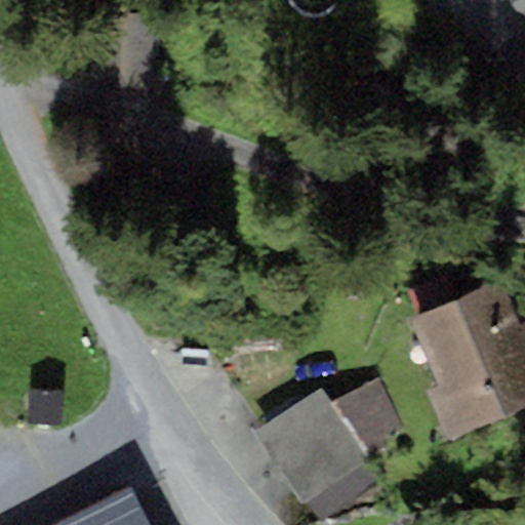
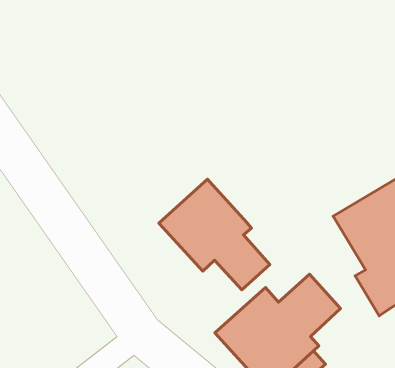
building: none -> [159,179,270,290]

